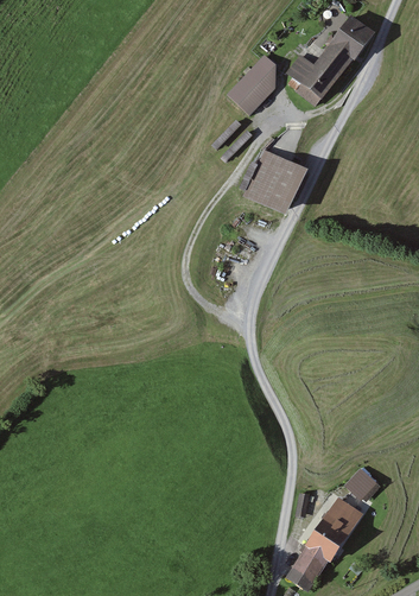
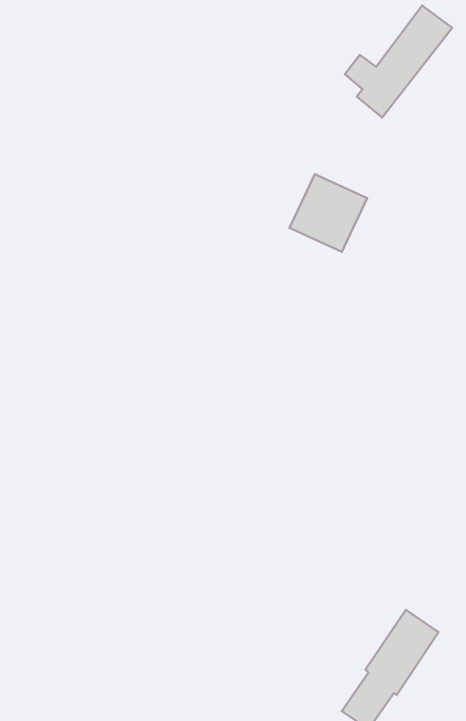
building: [227,55,274,116] -> none
building: [347,469,379,501] -> none

